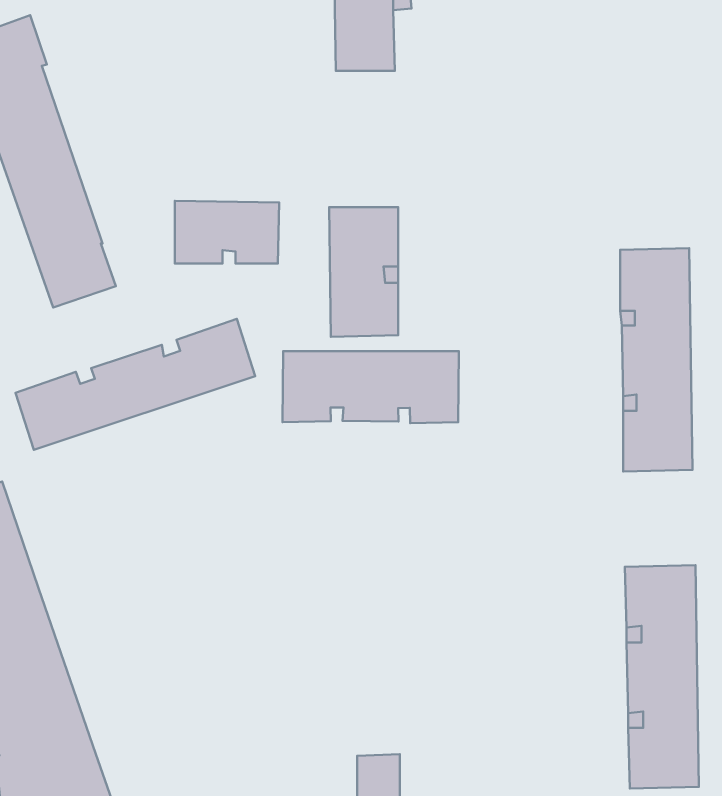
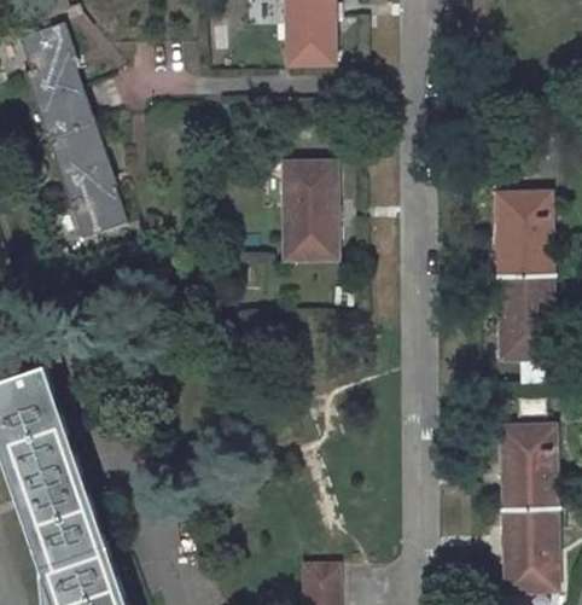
building: [175,201,279,264] -> none
building: [16,319,255,450] -> none
building: [283,351,459,423] -> none

